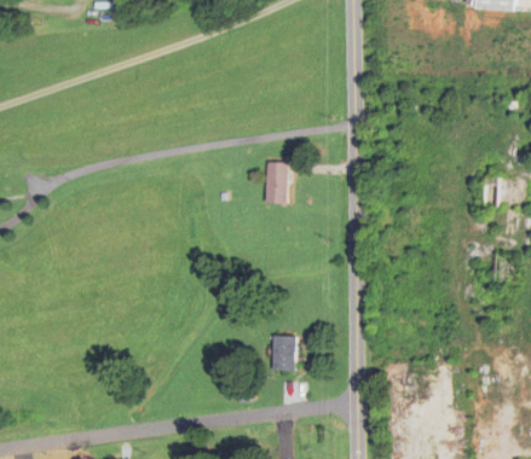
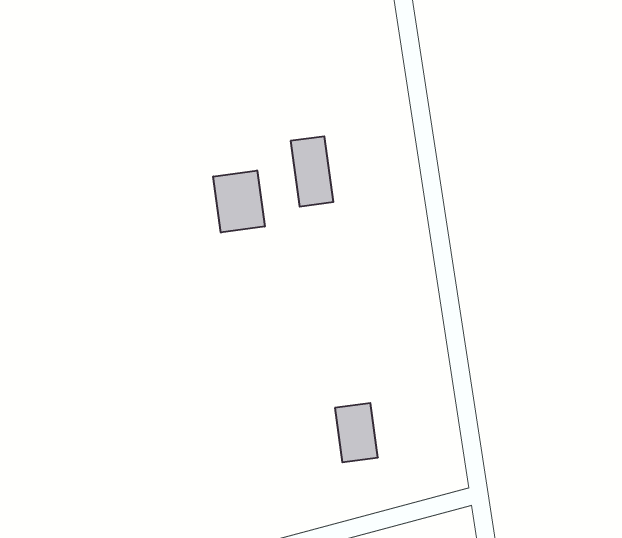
building: none -> [213,170,265,233]

